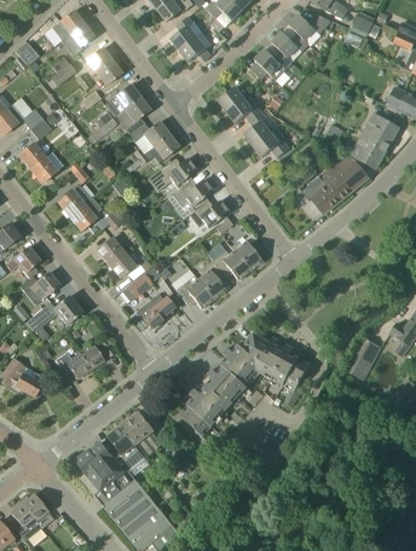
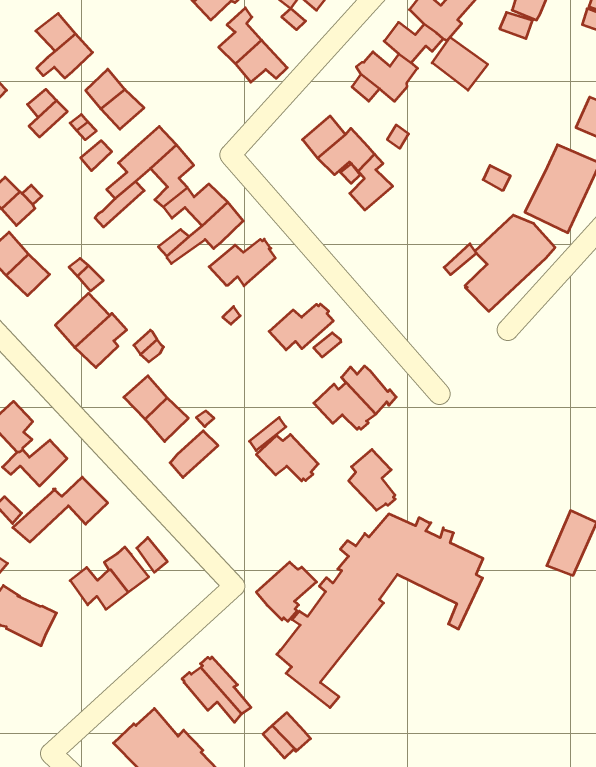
building: none -> [432,37,488,90]
building: [253,127,289,157] -> none
building: [173,179,213,207] -> none
building: [197,261,225,298] -> [349,449,395,510]
building: [137,294,174,330] -> [256,562,317,621]
building: [109,427,144,469] -> none

